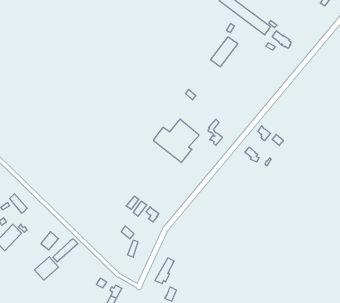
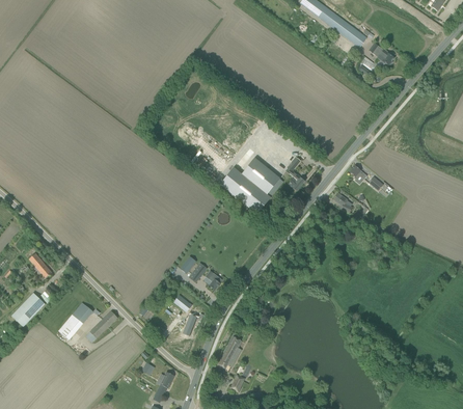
building: [211,37,238,67] -> none
building: [34,257,59,280] -> none

